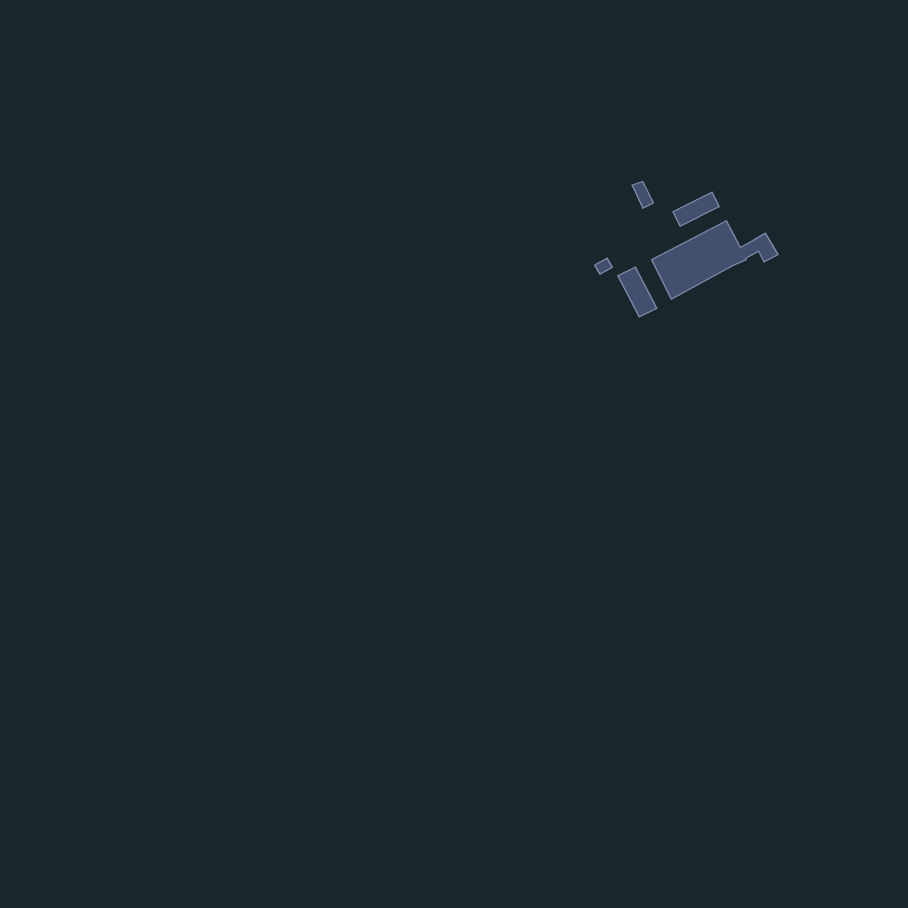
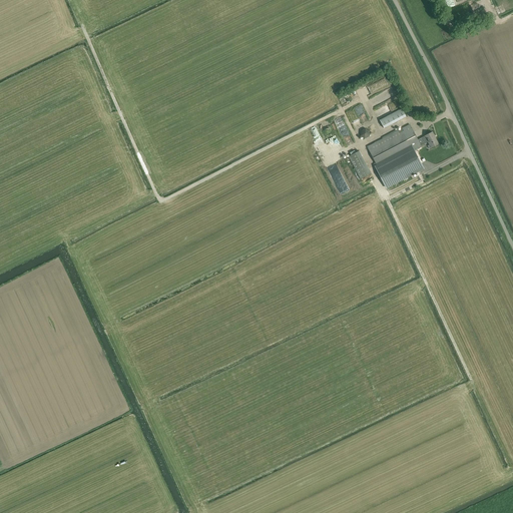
building: none -> [375,149,422,186]

